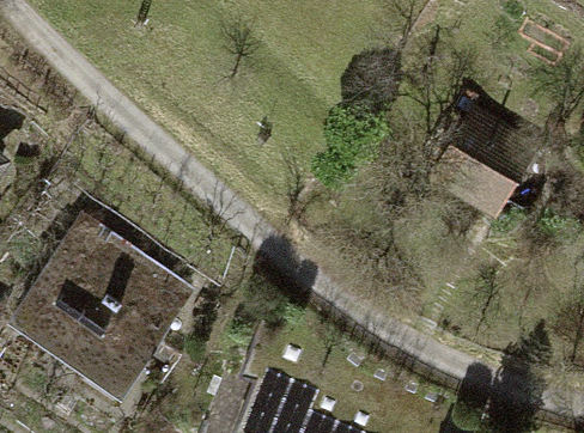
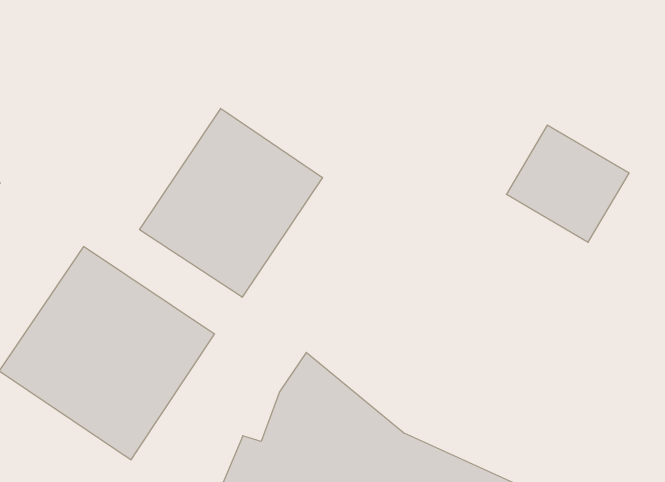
building: none -> [140,108,323,297]

